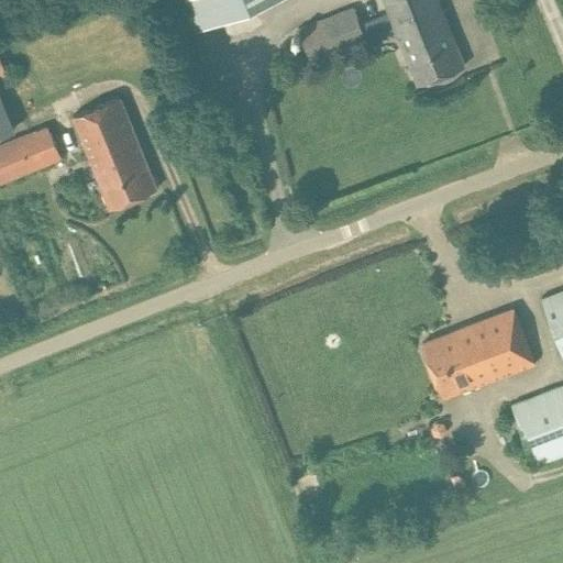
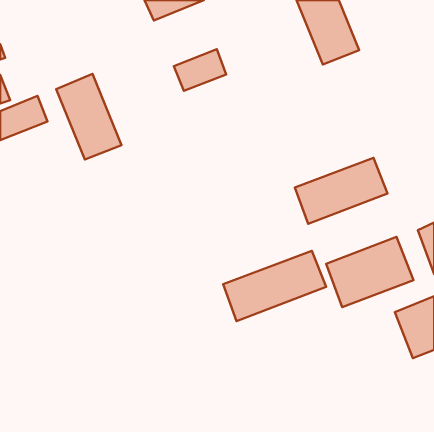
building: [298,9,366,63] -> [174,49,226,91]
building: none -> [295,158,388,224]
building: none -> [223,251,326,321]

